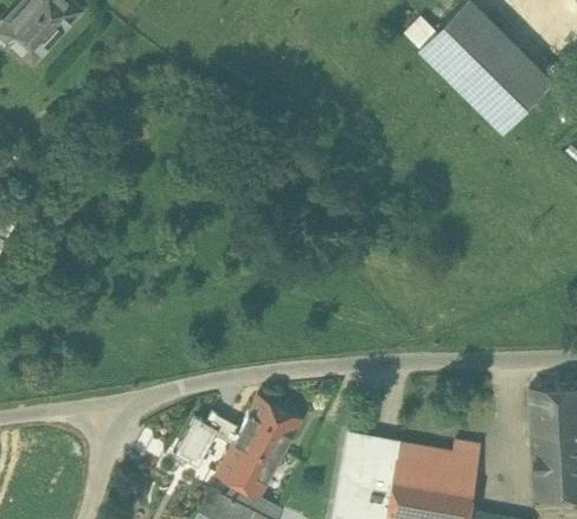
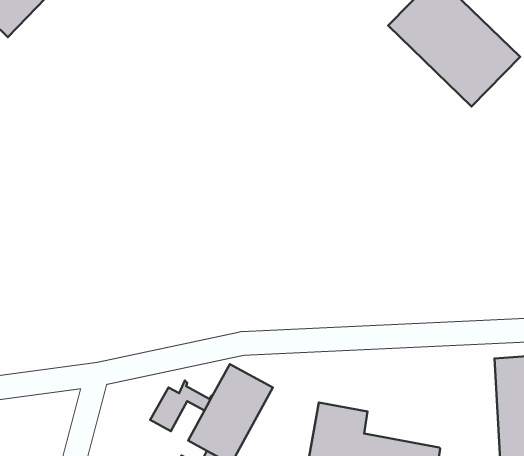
building: [396,441,479,480] -> none

